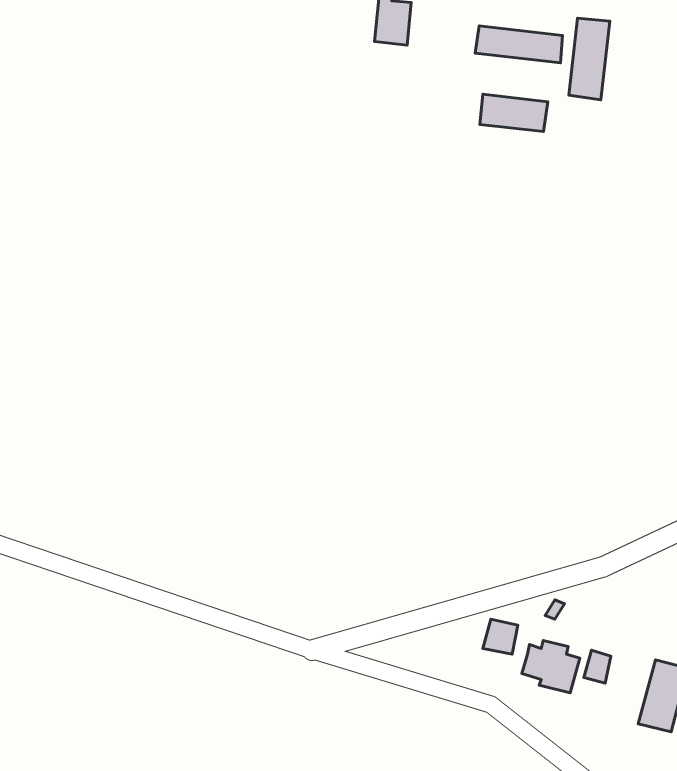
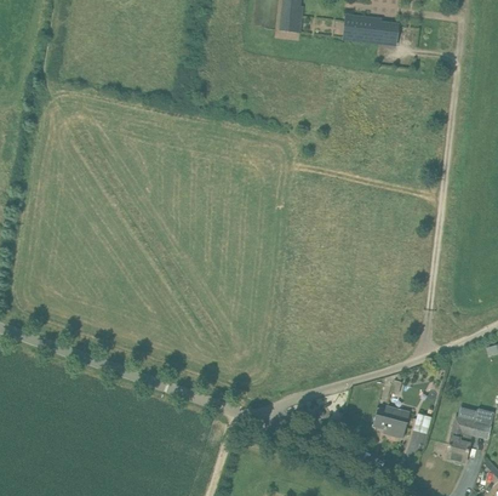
building: [569,18,610,100] -> none
building: [480,94,548,132] -> none

